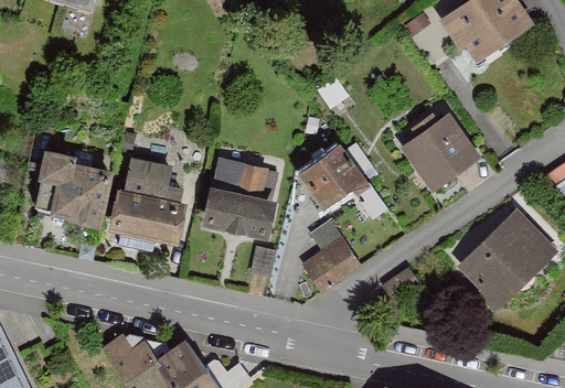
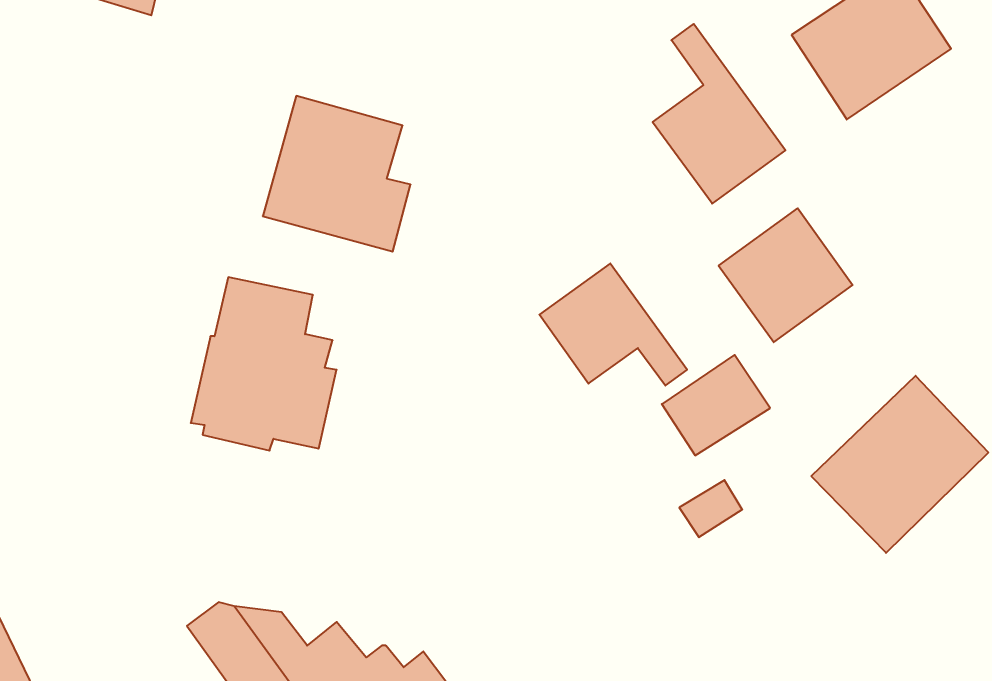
building: none -> [653,24,785,204]
building: [32,155,117,231] -> none
building: [201,158,284,245] -> [263,96,411,252]
building: [300,236,361,292] -> [662,355,770,455]

